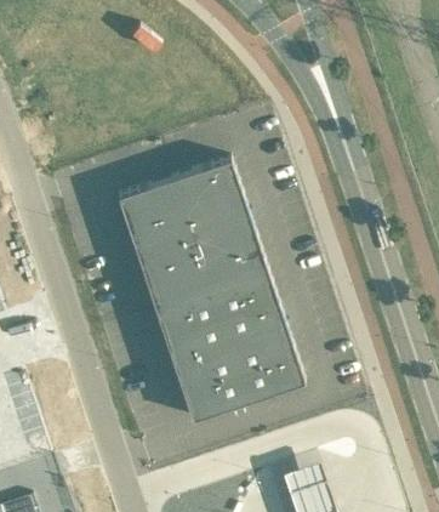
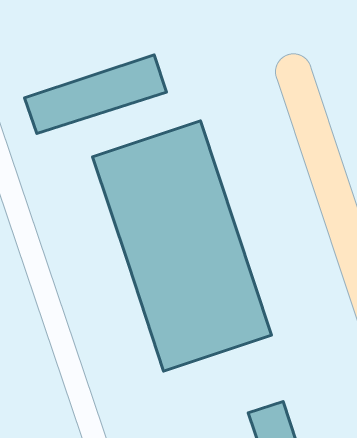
building: none -> [25,55,166,133]

